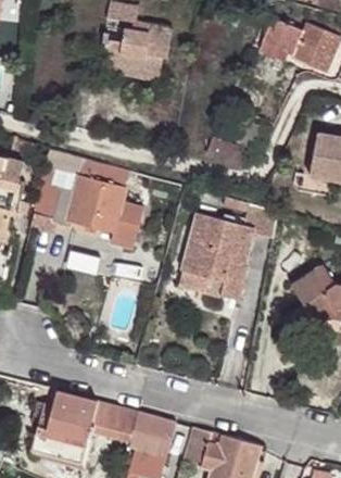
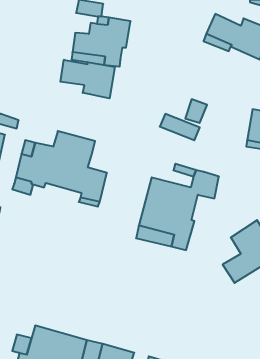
building: none -> [60,60,115,98]

